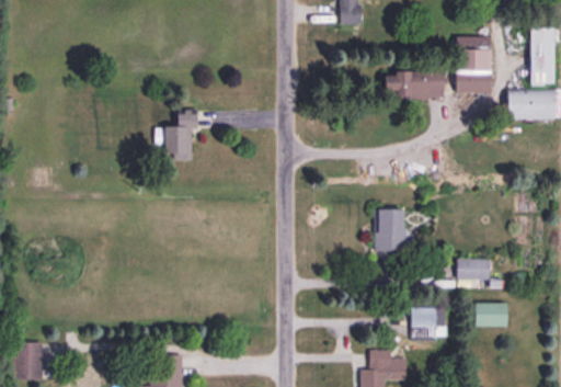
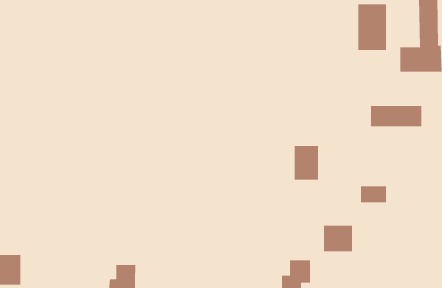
building: [380,71,444,98] -> [370,105,422,127]
building: [162,113,195,159] -> none
building: [476,303,508,327] -> none

